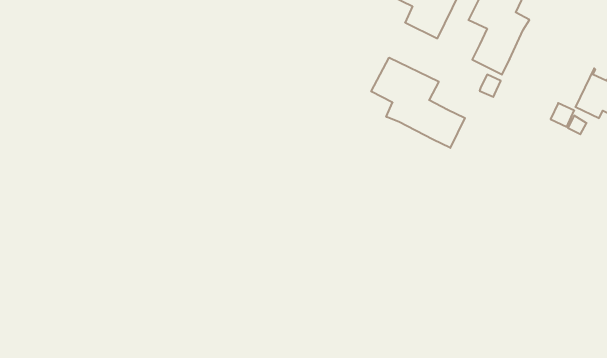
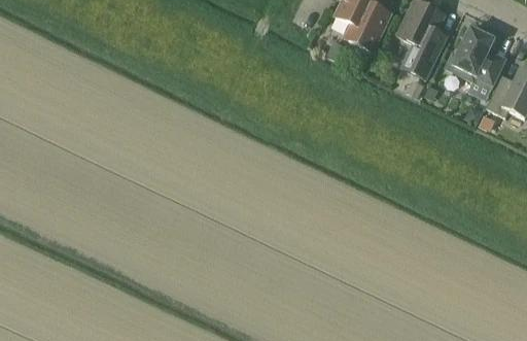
building: none -> [446,26,505,83]
building: [371,58,465,148] -> none

